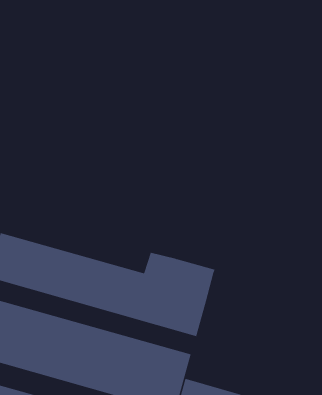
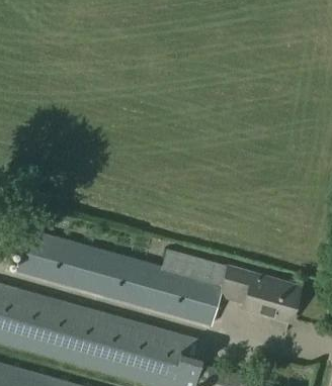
building: none -> [221,266,300,319]

